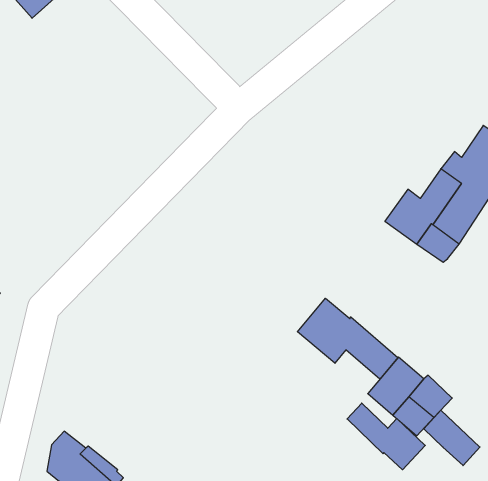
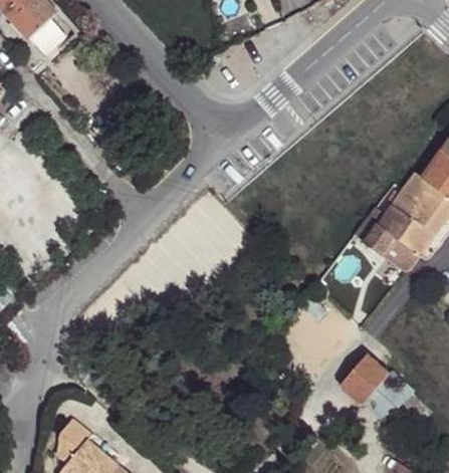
building: [297,298,398,379] -> none
building: [347,403,425,470] -> none
building: [424,410,480,466] -> none

